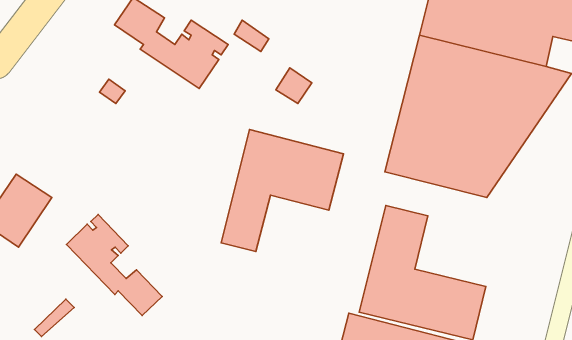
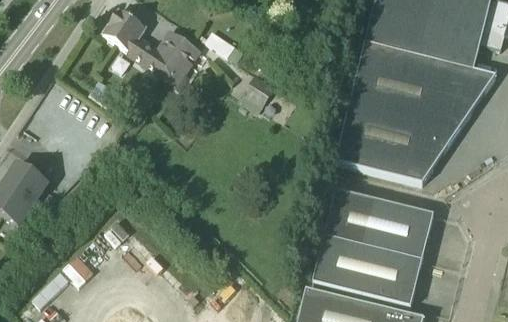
building: [221,130,344,252] -> none
building: [67,214,162,315] -> none
building: none -> [362,197,434,258]

